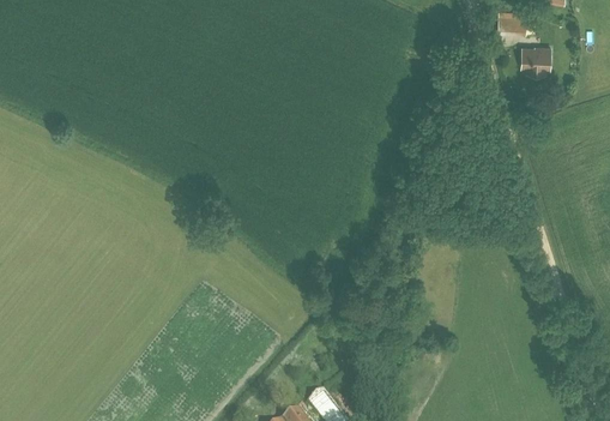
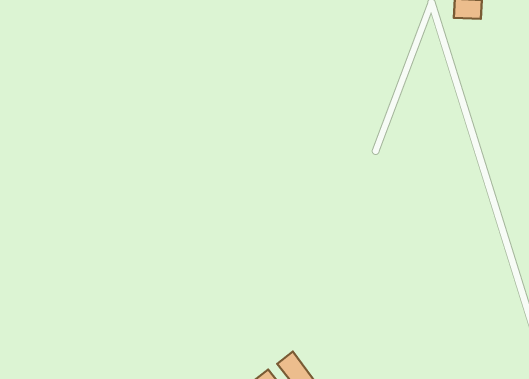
building: [520,44,549,71] -> none

